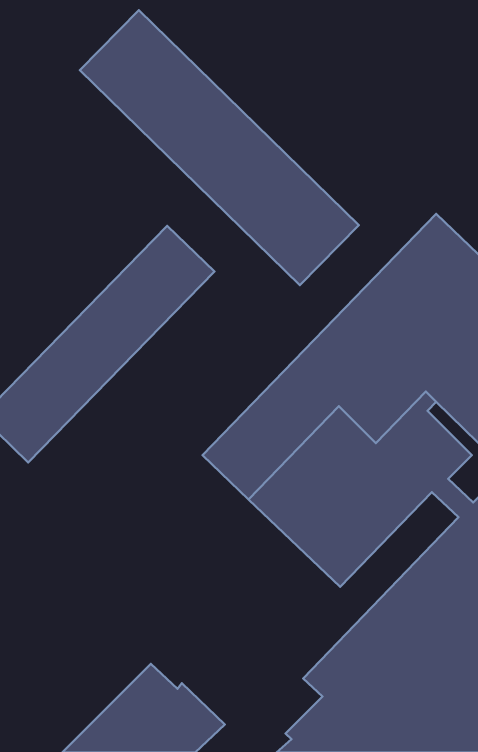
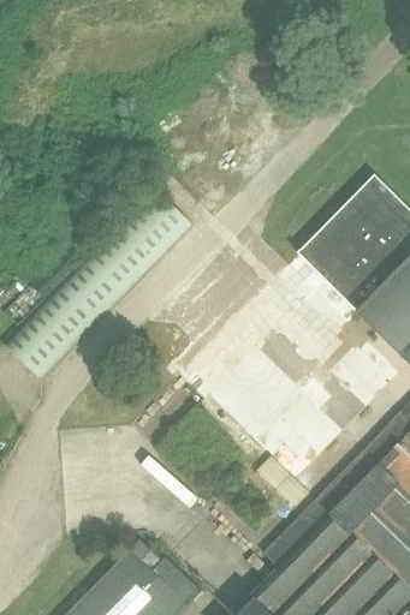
building: [80,10,359,285] -> none

